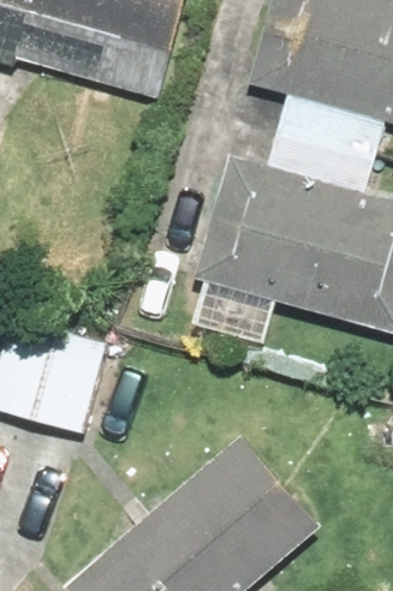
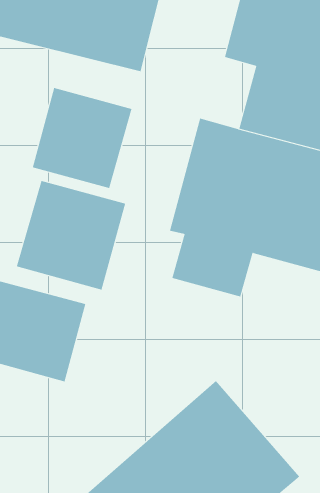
building: none -> [32,87,132,189]
building: none -> [16,180,126,291]

